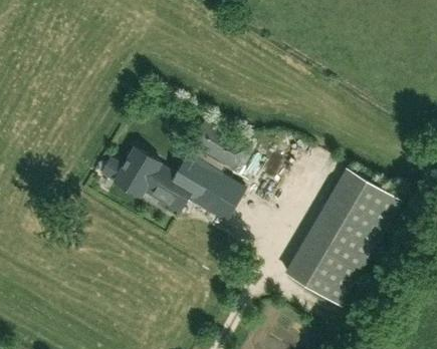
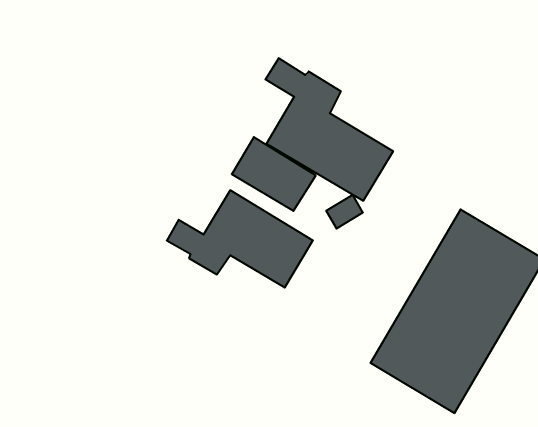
building: none -> [265,58,393,201]
building: [115,148,161,198] -> none

